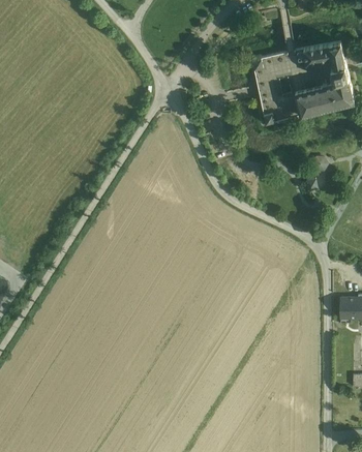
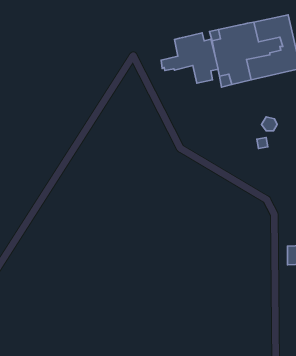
building: none -> [161,33,218,83]

